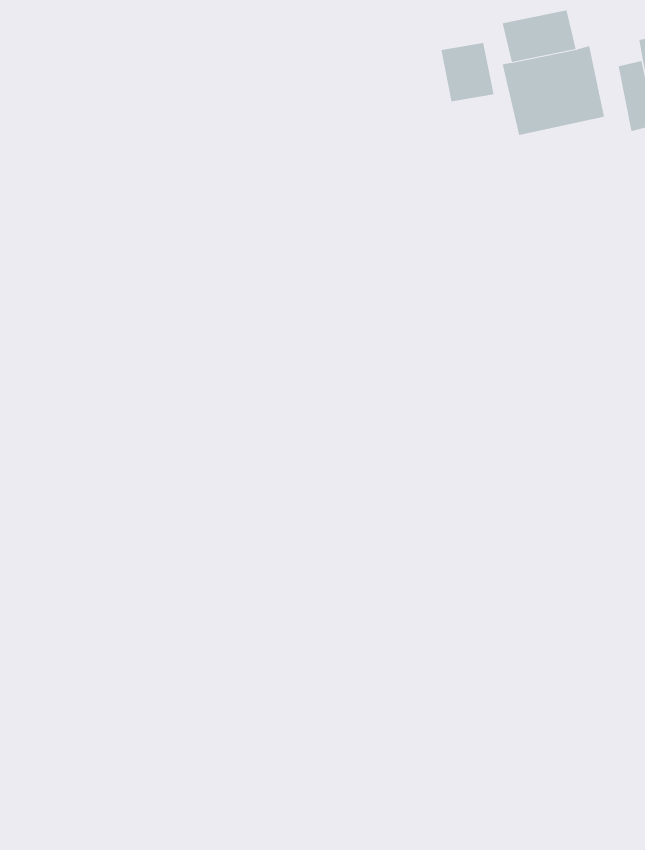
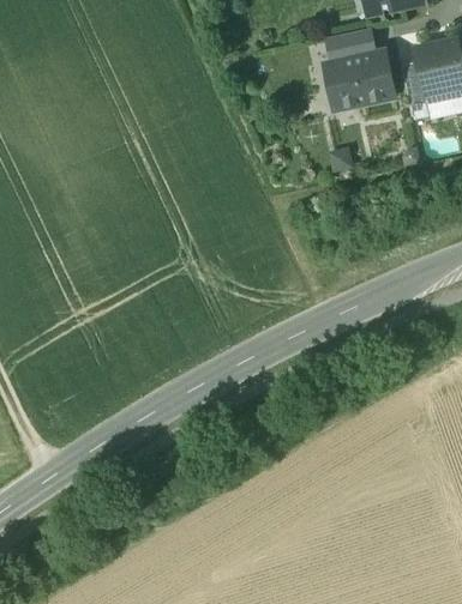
building: [441,42,494,102] -> none

